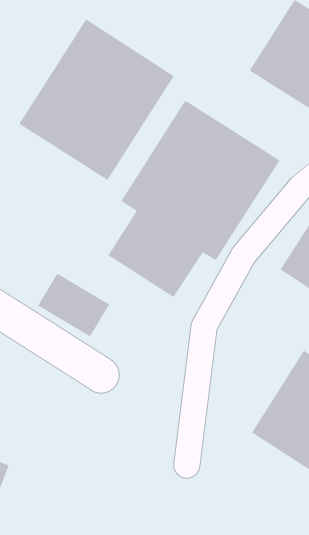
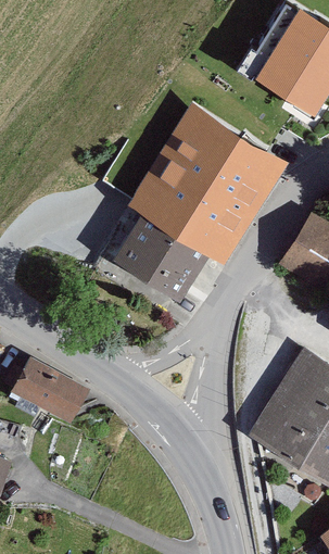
building: [18,18,174,181] -> none
building: [37,273,110,337] -> [14,362,87,426]

